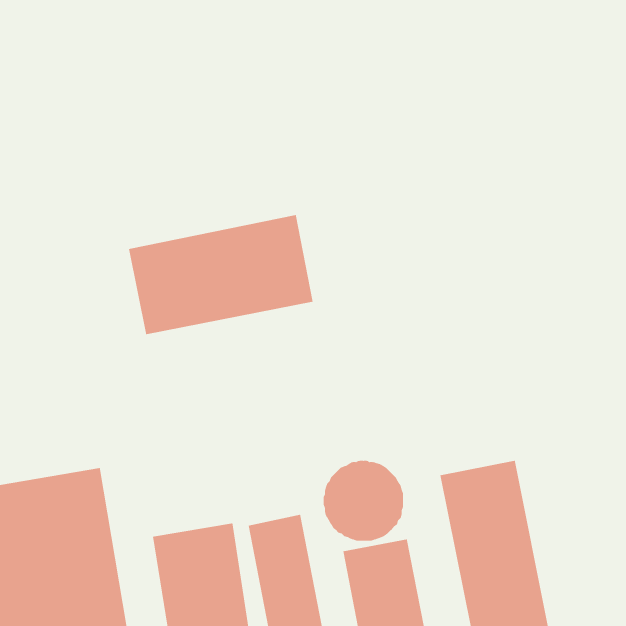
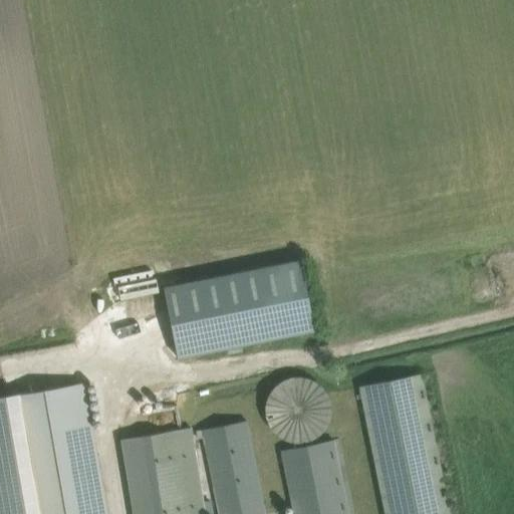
building: [128,215,314,335] -> [163,260,314,358]

